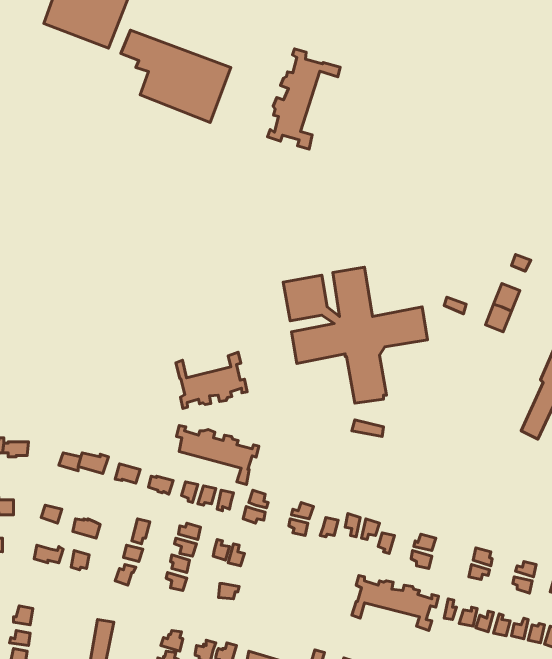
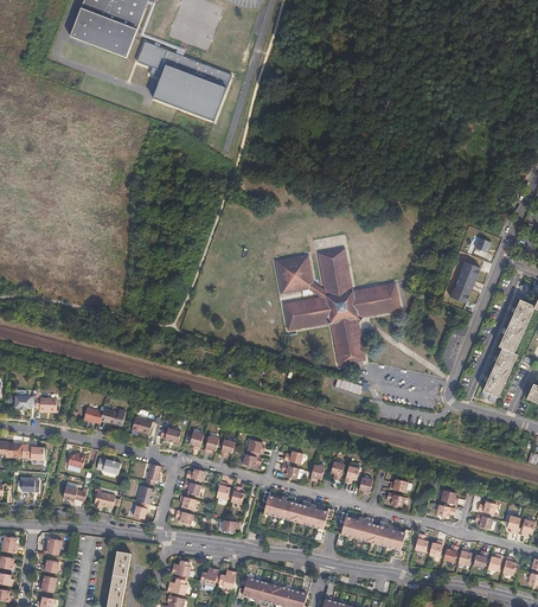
building: [267,49,340,149] -> none
building: [176,352,247,408] -> none
building: [176,425,259,485] -> [261,492,332,543]

